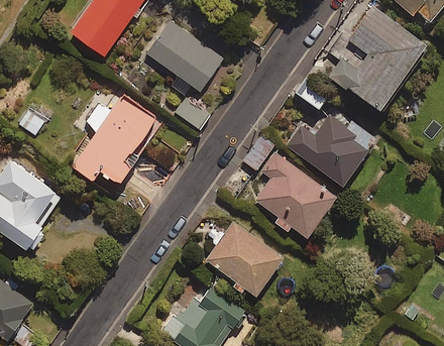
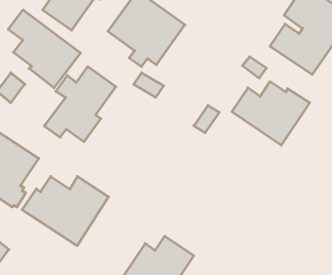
building: none -> [8,10,81,88]
building: [252,154,334,236] -> none
building: none -> [22,176,109,246]
building: [207,223,282,295] -> none

